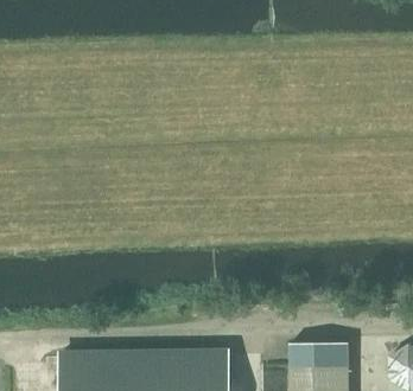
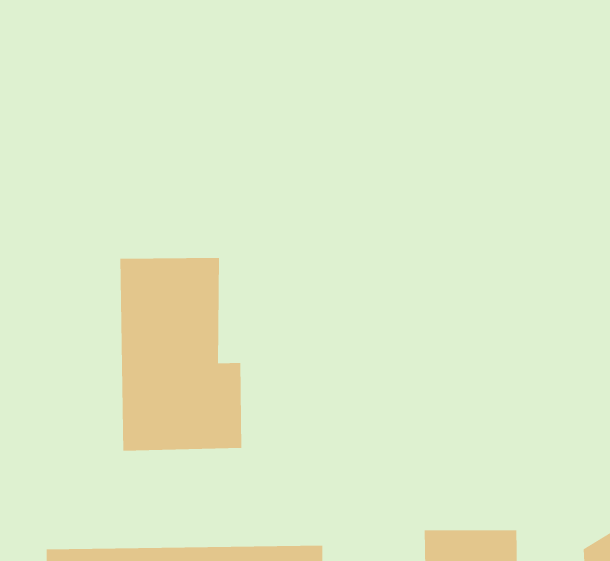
building: none -> [120,257,242,452]

